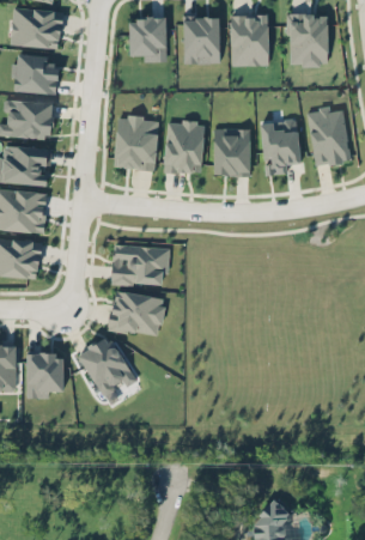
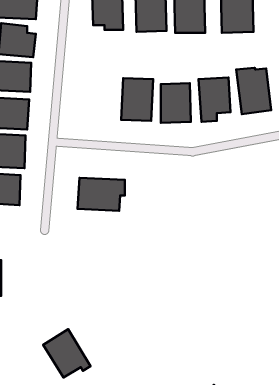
building: [115,116,159,170] -> none
building: [109,290,165,336] -> none
building: [78,335,136,395] -> [43,329,90,378]
building: [26,353,65,398] -> none

